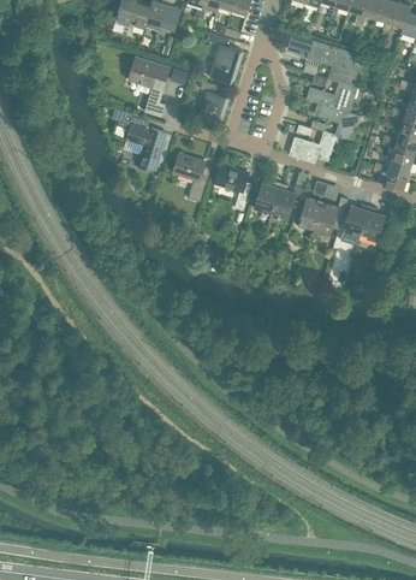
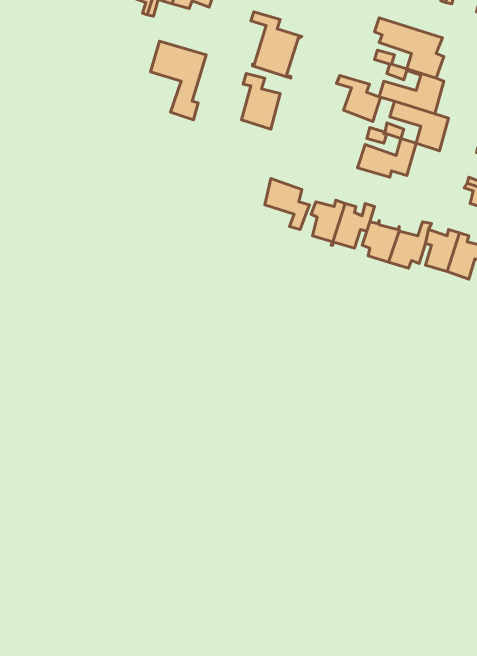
building: none -> [337,75,380,122]
building: [111,107,166,171] -> none
building: [173,153,208,201] -> none

